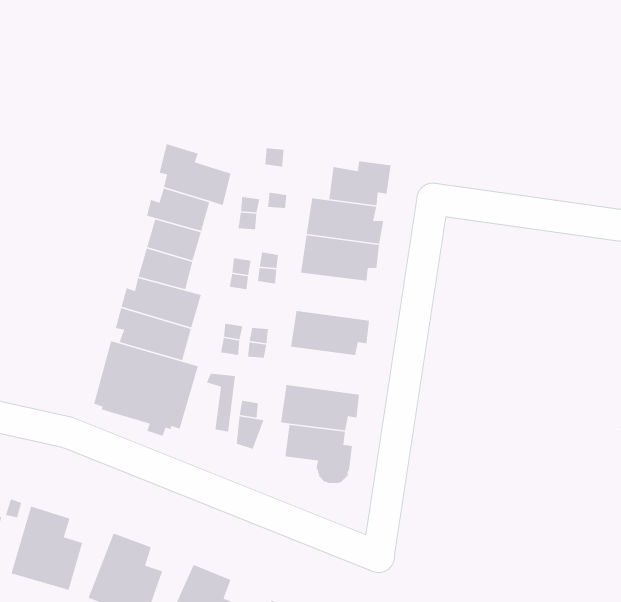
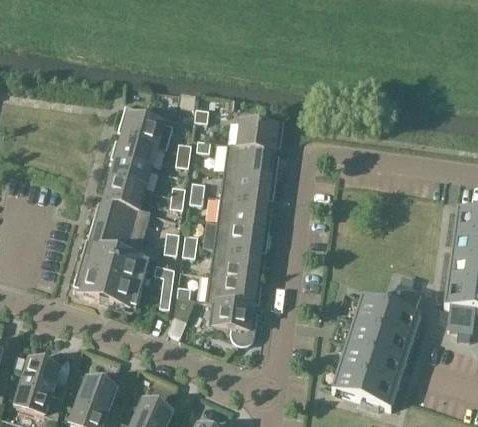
building: none -> [217,194,271,227]
building: none -> [210,246,264,279]
building: none -> [332,282,422,406]

